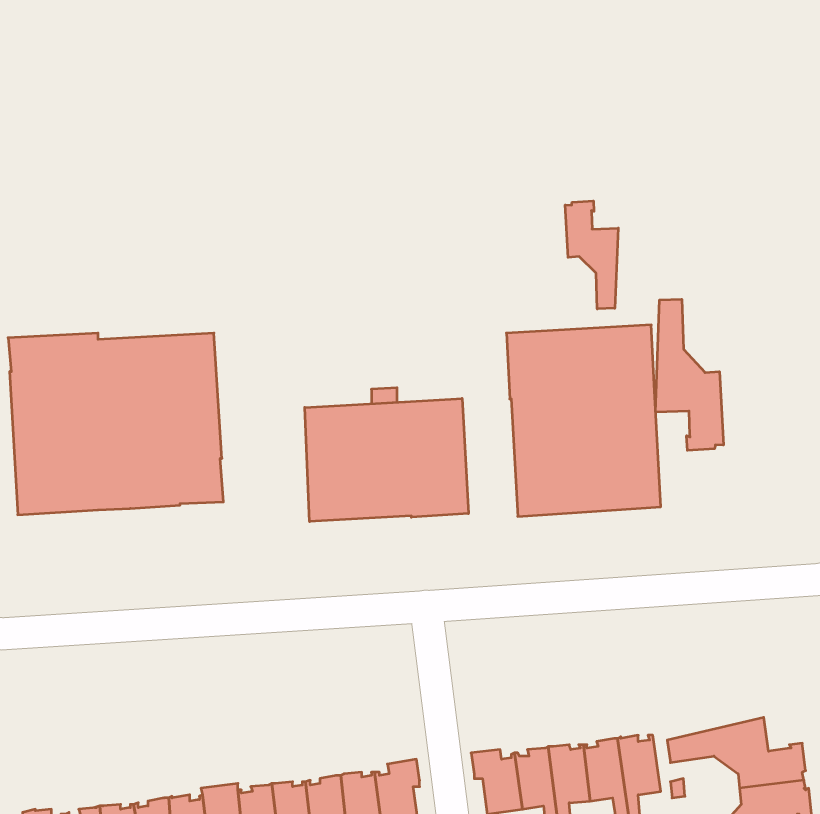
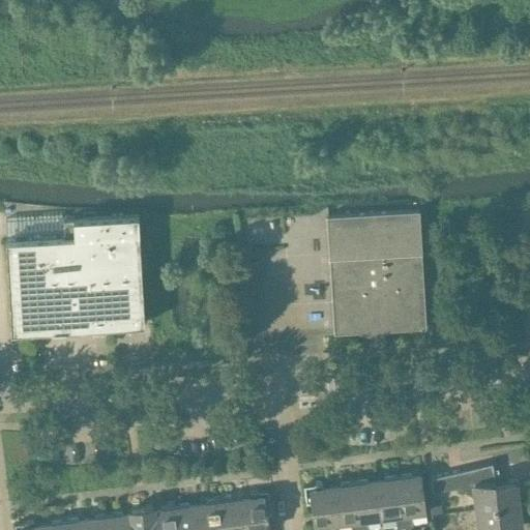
building: [565,201,618,309] -> none
building: [656,299,723,450] -> none
building: [305,398,468,522] -> none

